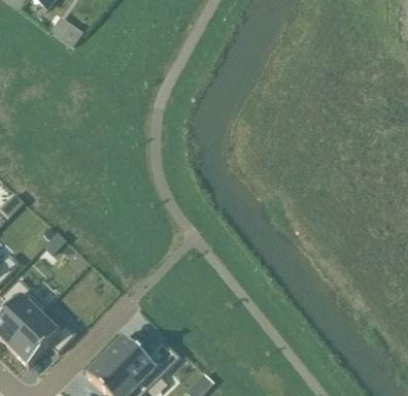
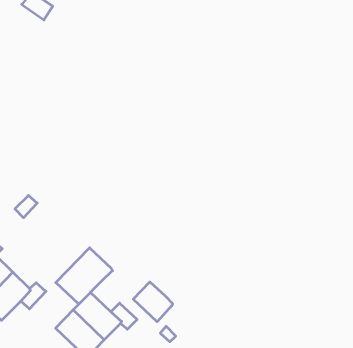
building: none -> [56,248,113,304]
building: none -> [133,282,173,322]

